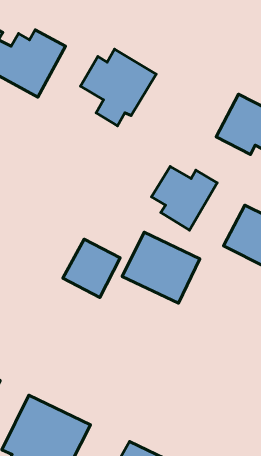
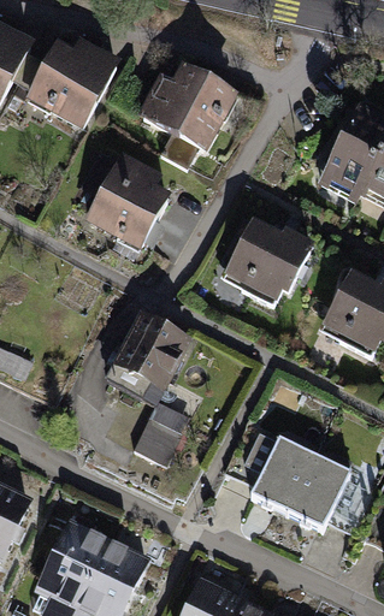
building: none -> [72,150,170,250]
building: [122,232,200,303] -> [249,437,350,529]
building: none -> [134,405,184,461]

